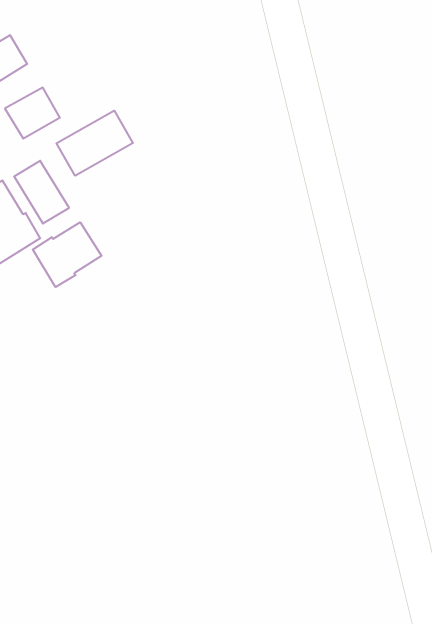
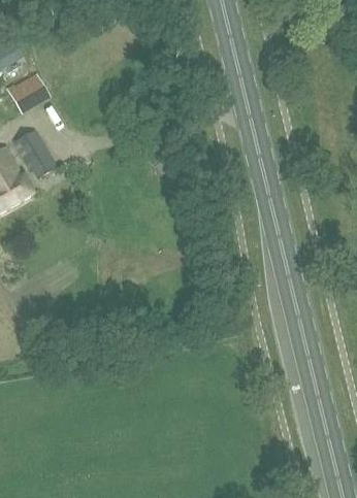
building: [56,111,133,176] -> none
building: [33,222,102,287] -> none

